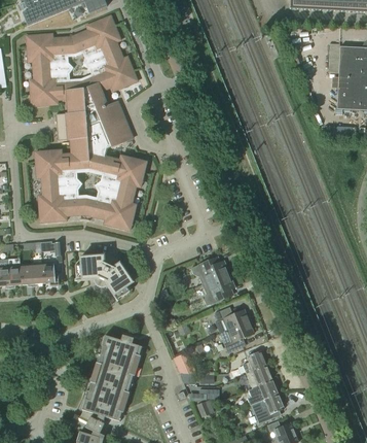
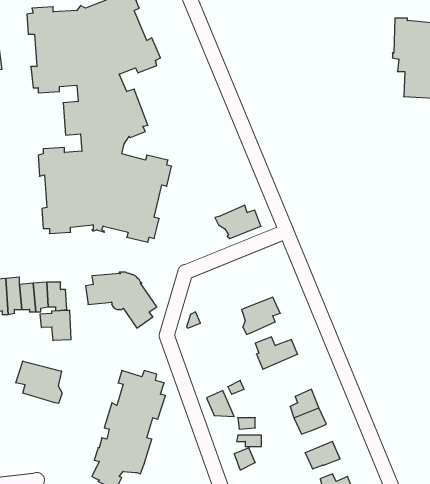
building: [190,257,228,284] -> [215,205,261,239]
building: none -> [40,310,71,341]
building: [220,321,253,352] -> none
building: none -> [16,361,62,403]
building: [247,379,278,405] -> none

